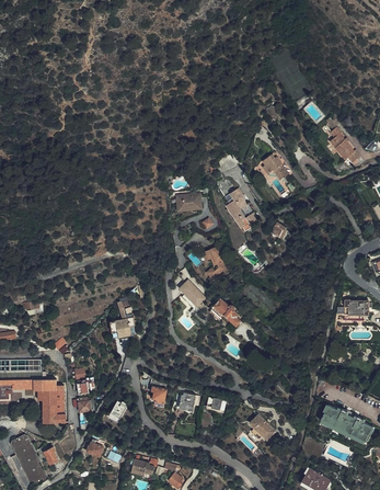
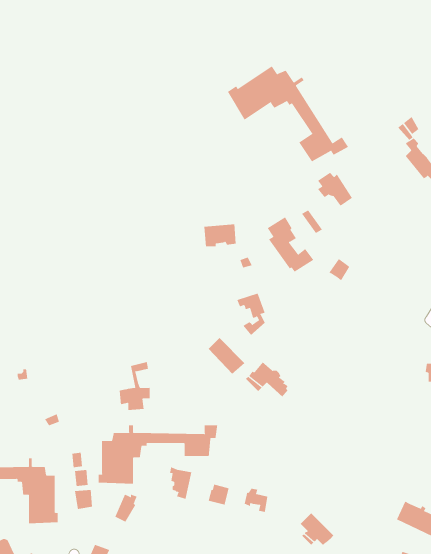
building: none -> [227,66,349,162]
building: none -> [98,424,218,484]

